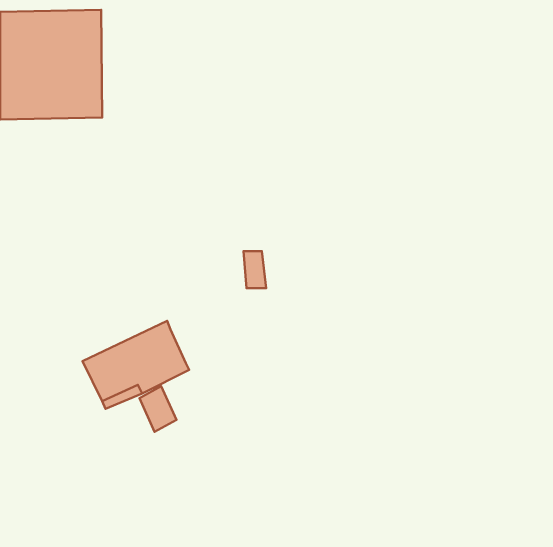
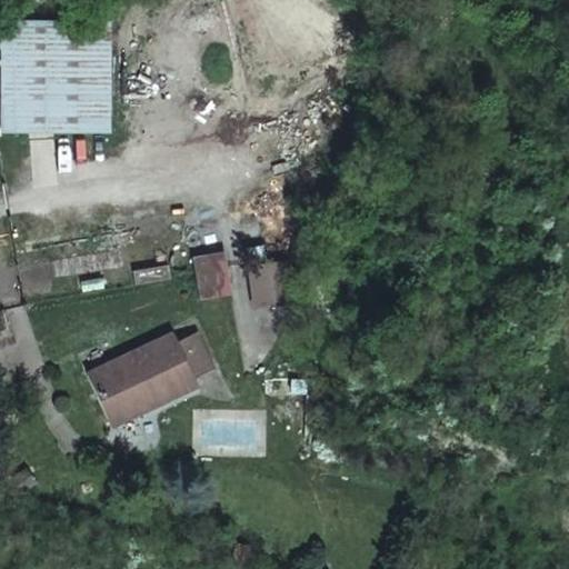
building: none -> [194,253,234,297]
building: [139,386,176,432] -> [177,333,214,380]

